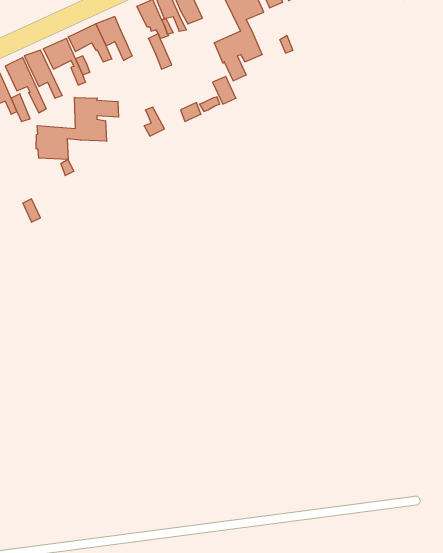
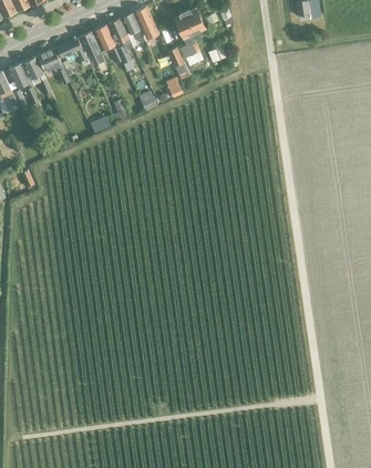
building: none -> [91,24,122,63]
building: [36,97,118,160] -> none

